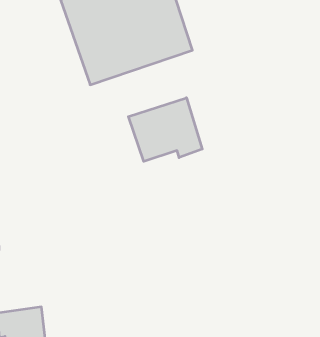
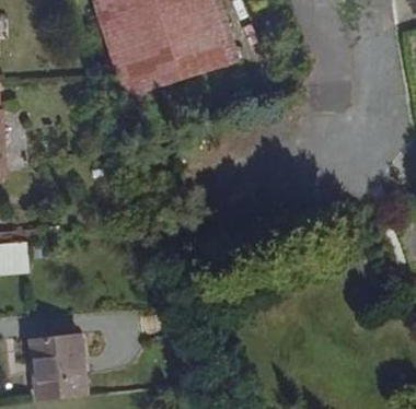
building: [128,98,202,161] -> none

